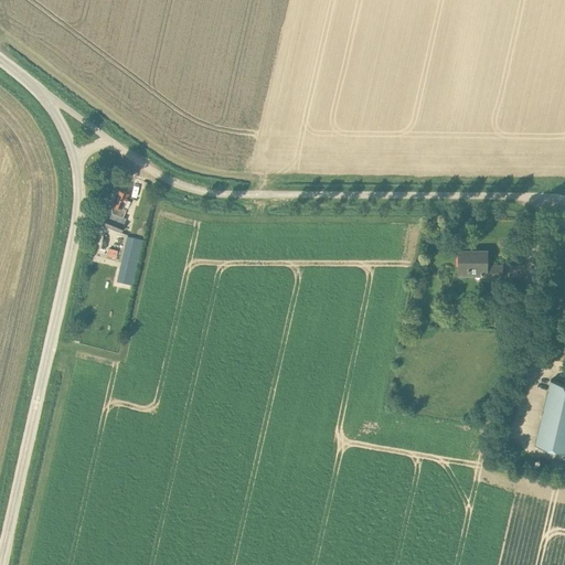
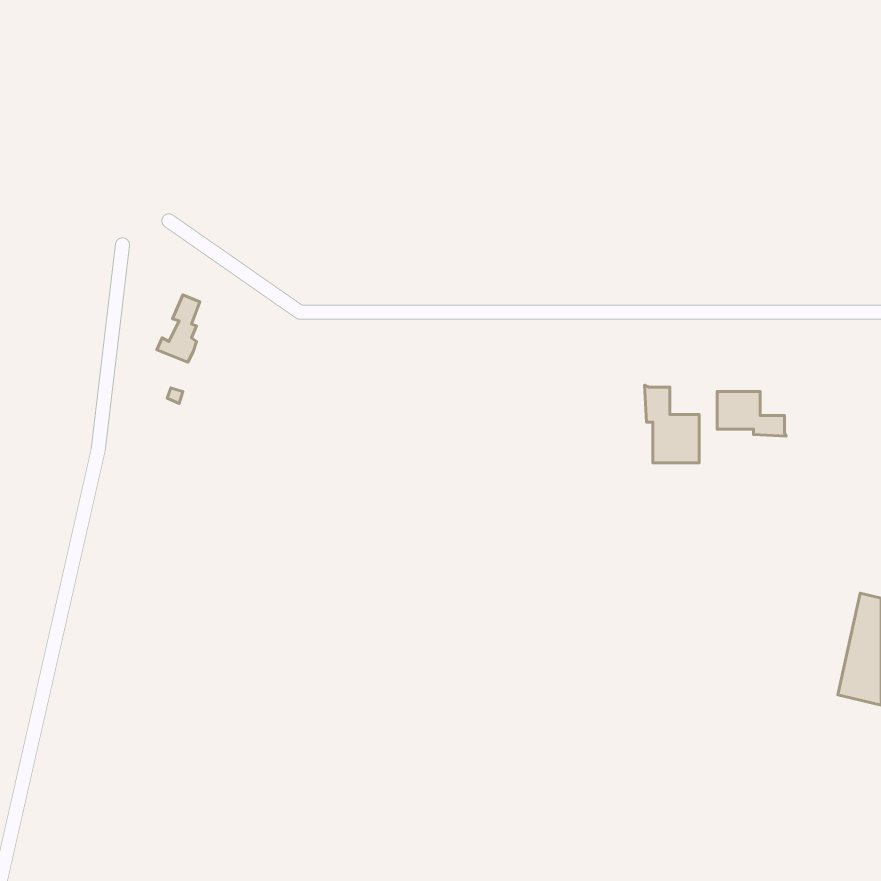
building: [116,236,142,285] -> none
building: none -> [645,385,699,463]

